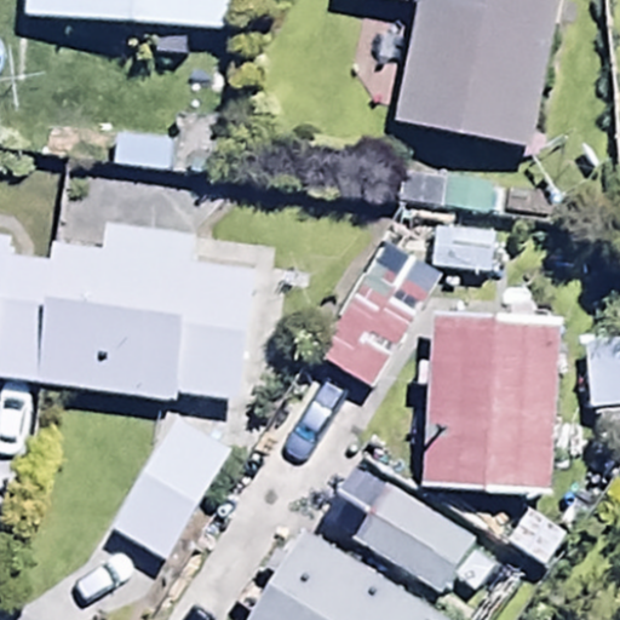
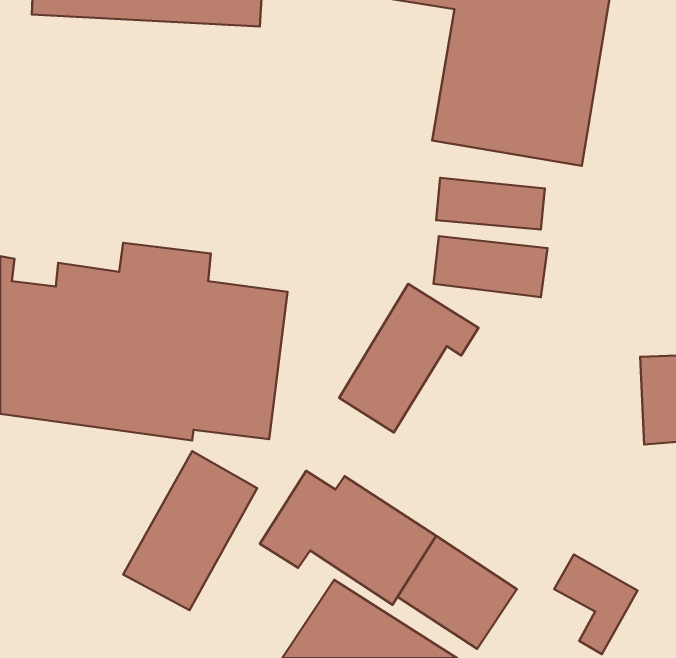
building: [423,312,559,495] -> none

